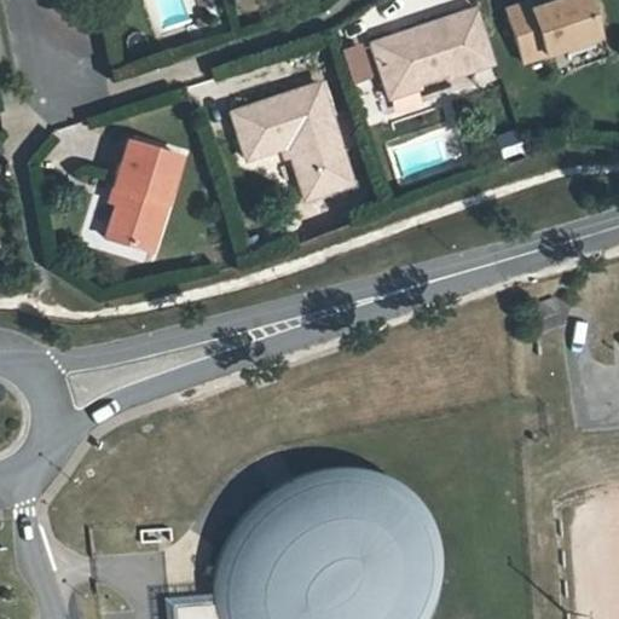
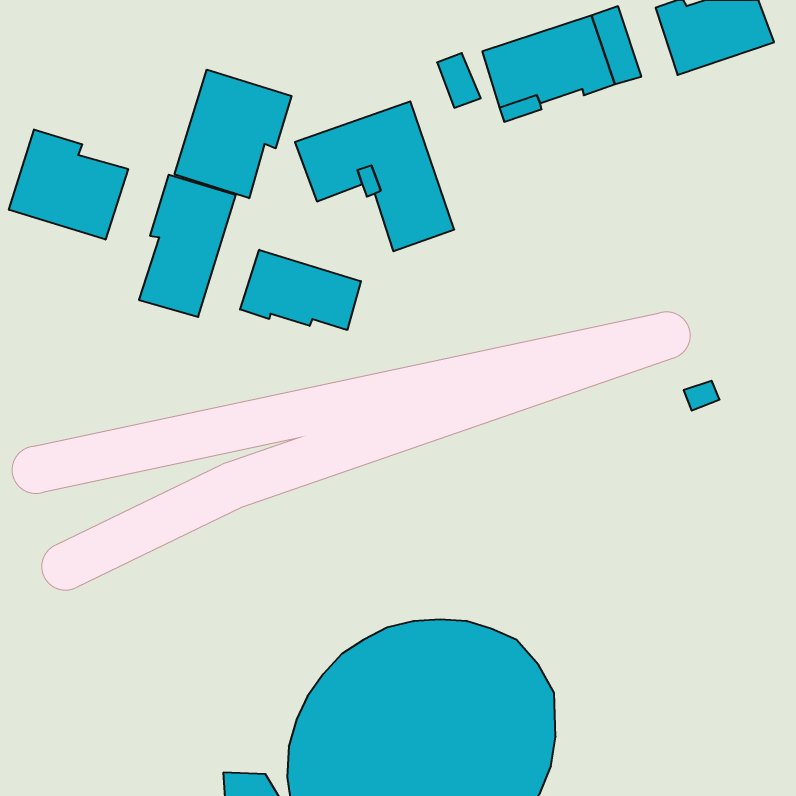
building: none -> [175,70,292,198]
building: none -> [9,129,128,240]
building: none -> [240,250,361,330]

